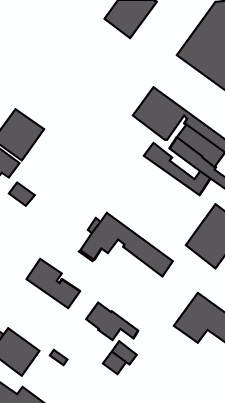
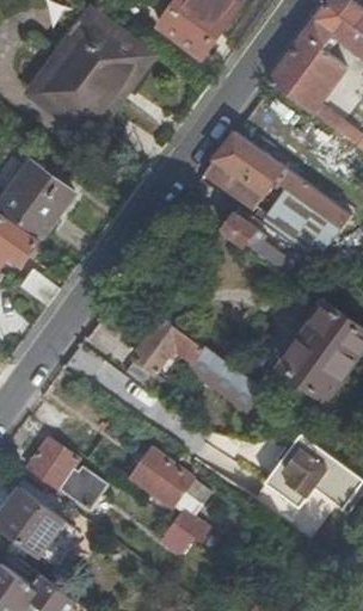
building: none -> [32,17,148,137]
building: [26,259,80,308] -> [26,437,106,510]

